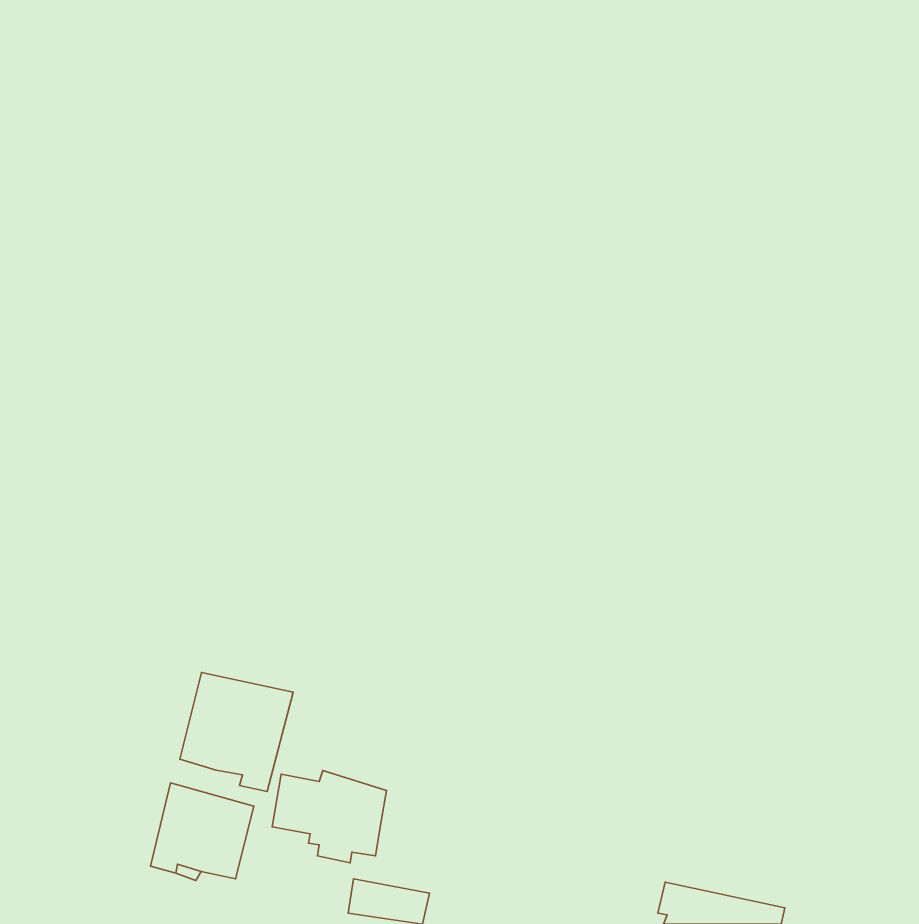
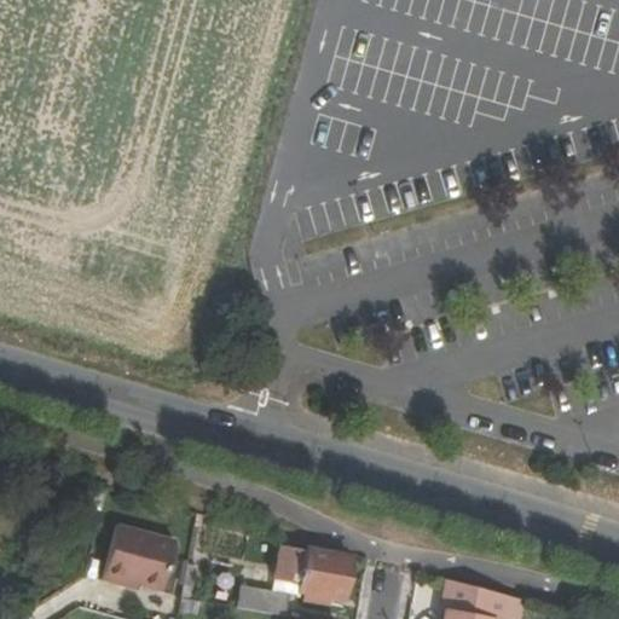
building: [180,672,293,792] -> none
building: [272,771,386,863] -> [277,545,353,607]

